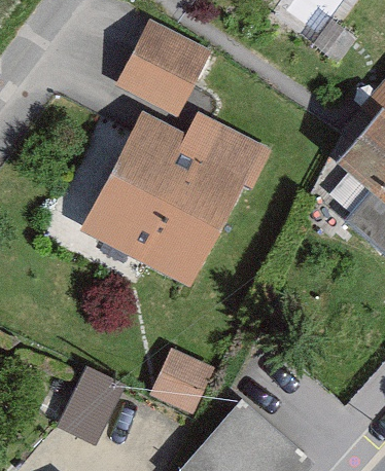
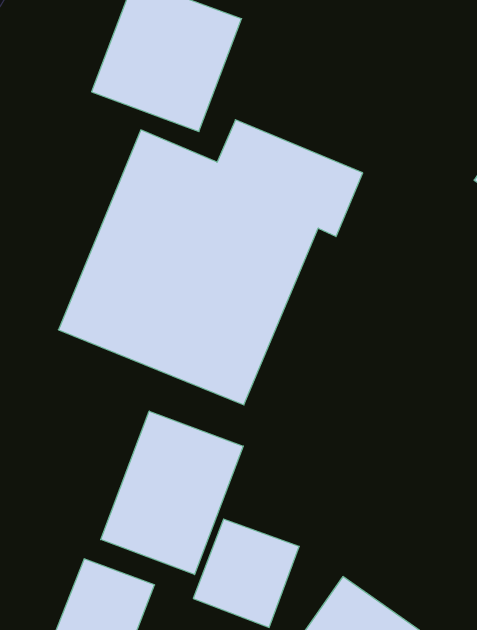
building: none -> [101,411,243,575]

